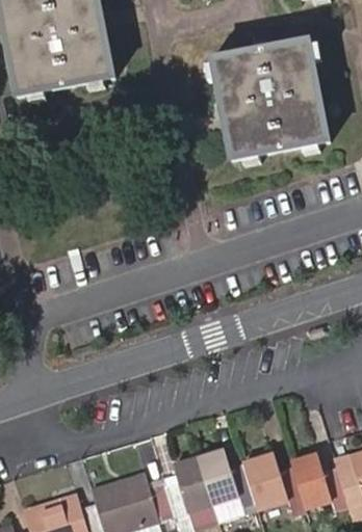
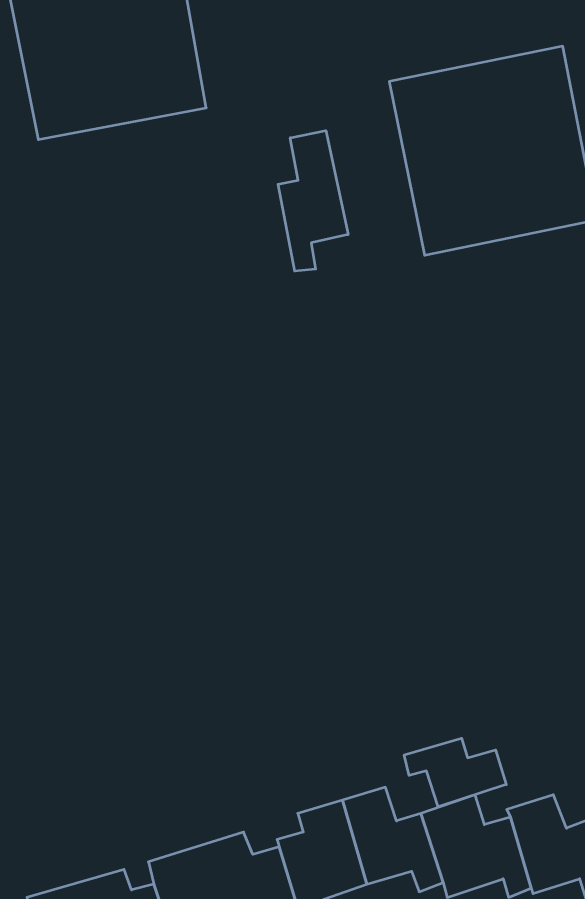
building: none -> [278,131,348,271]
building: none -> [404,738,506,807]

